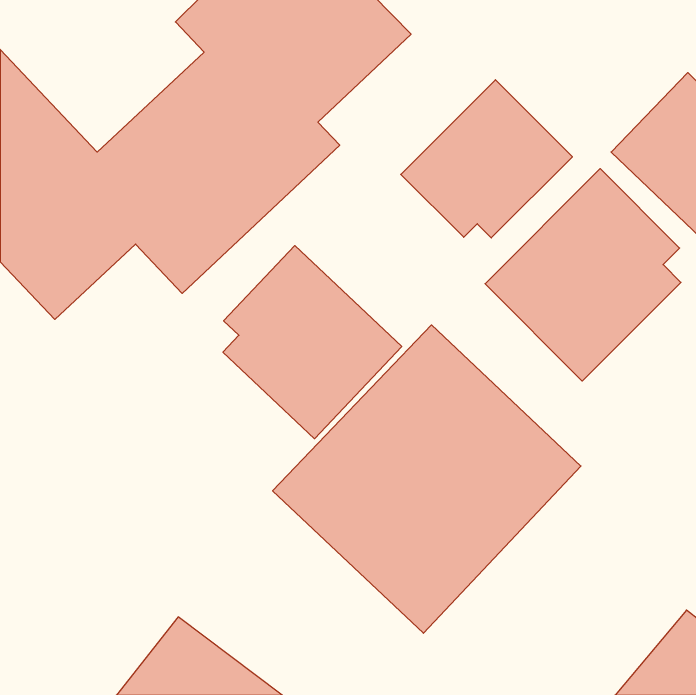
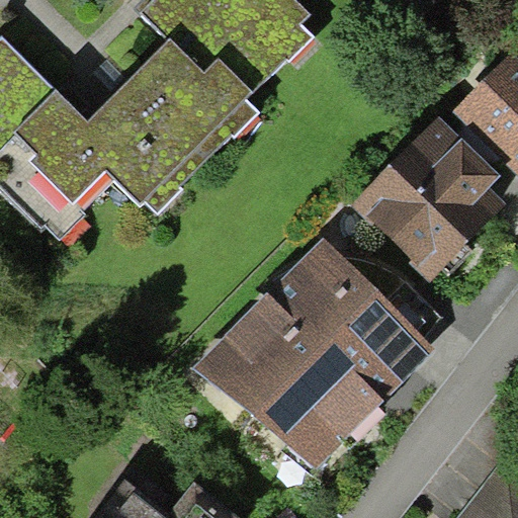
building: [401,80,572,238] -> none
building: [223,246,402,439] -> none

